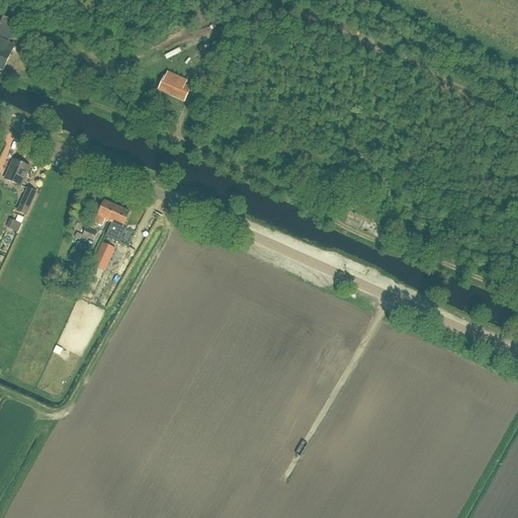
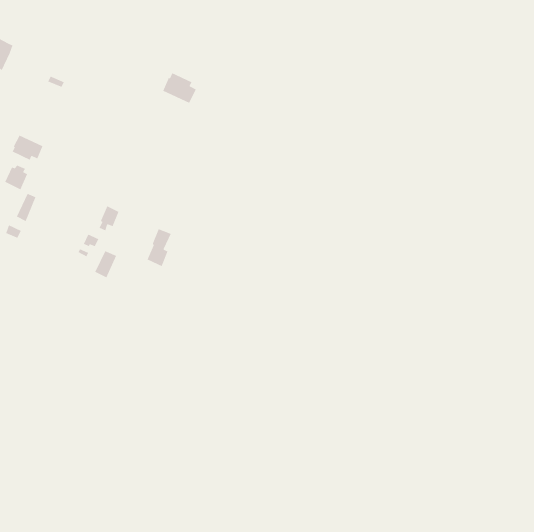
building: none -> [12,134,44,161]
building: [104,204,128,242] -> [147,228,172,267]

